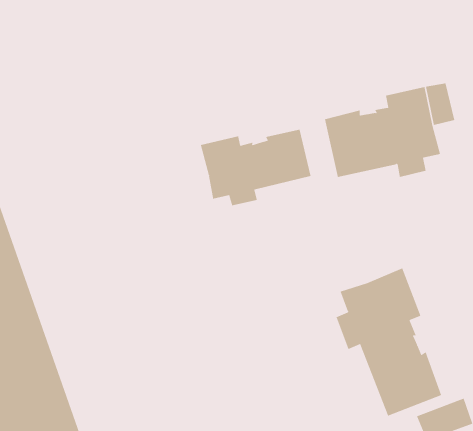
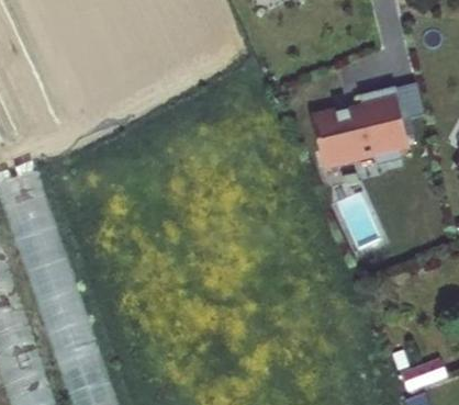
building: [200,129,311,206] -> none
building: [336,268,442,417] -> none

